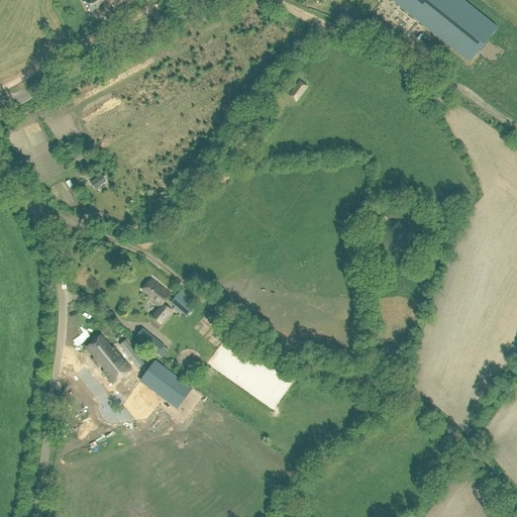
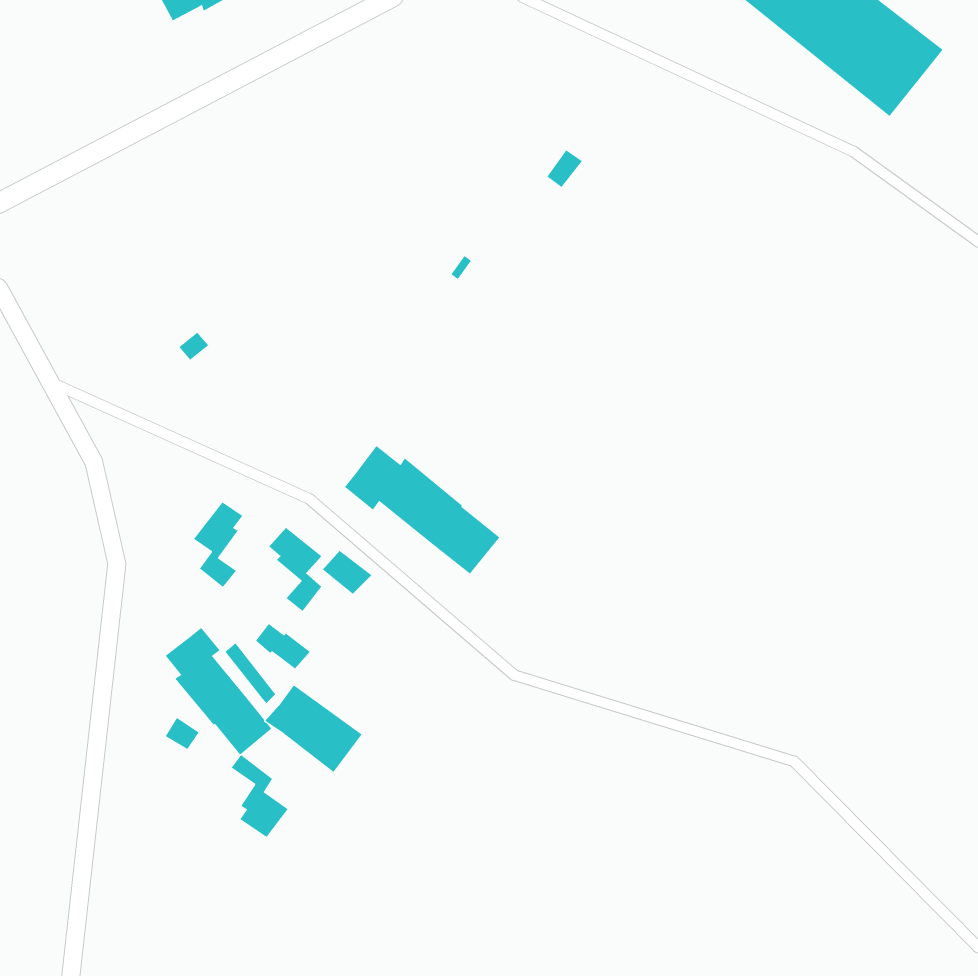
building: none -> [344,445,500,575]
building: none -> [193,502,243,588]
building: none -> [231,754,288,838]

